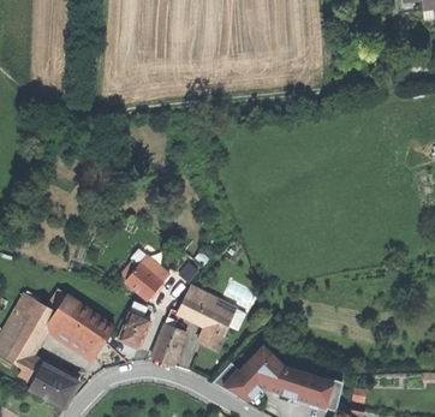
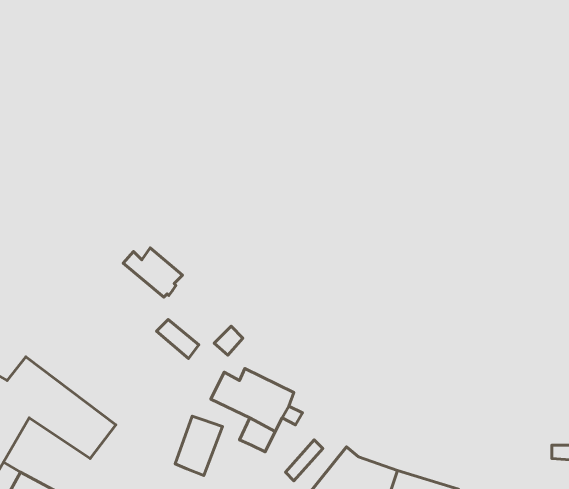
building: [119,263,161,298] -> [123,248,183,297]
building: [119,302,150,347] -> none

